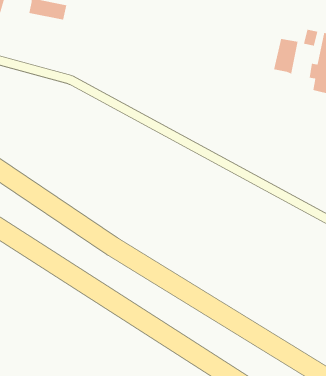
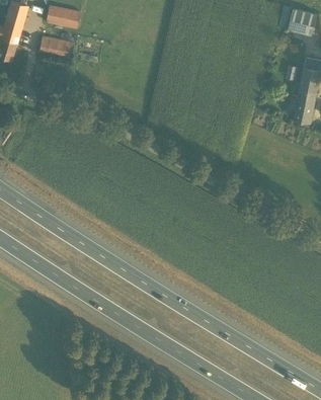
building: [274,38,298,74] -> none

